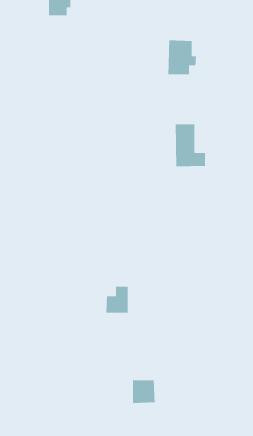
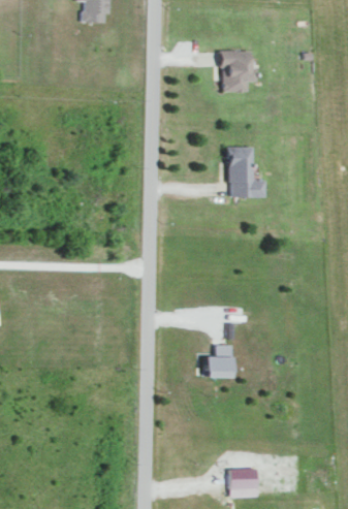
building: [105,286,129,313] -> [204,345,231,377]
building: [132,380,155,404] -> [230,468,257,496]

